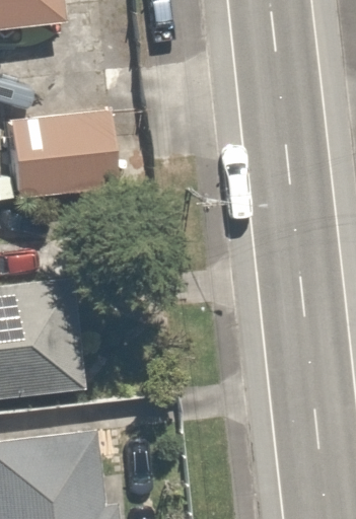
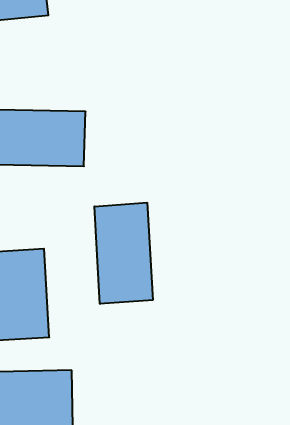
building: none -> [94,203,153,304]

